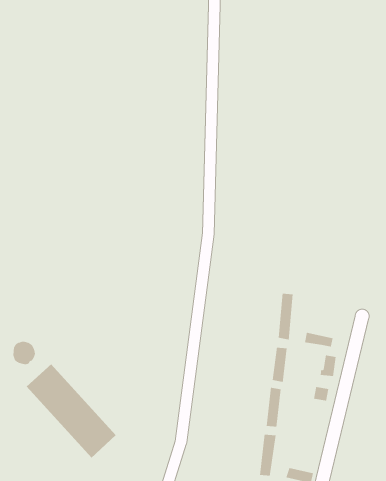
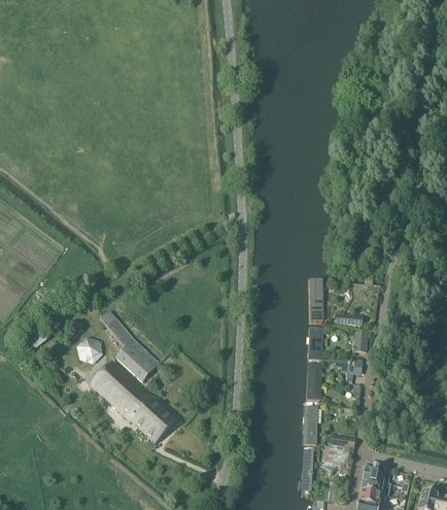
building: none -> [99,310,159,381]

